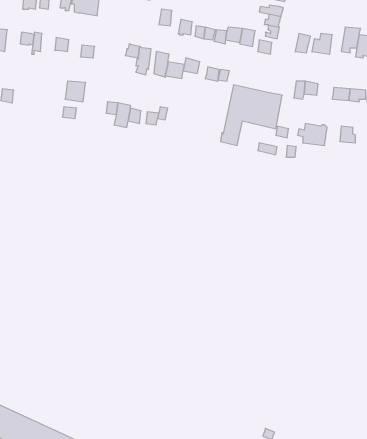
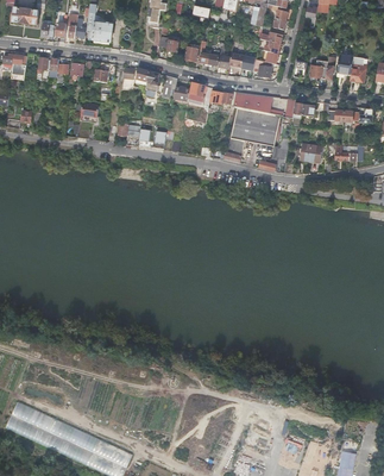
building: none -> [233,90,272,113]

